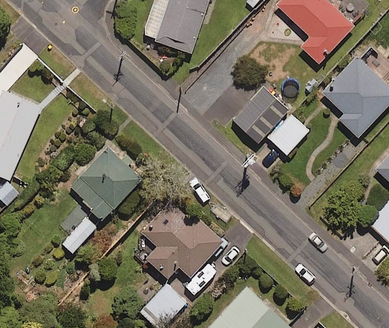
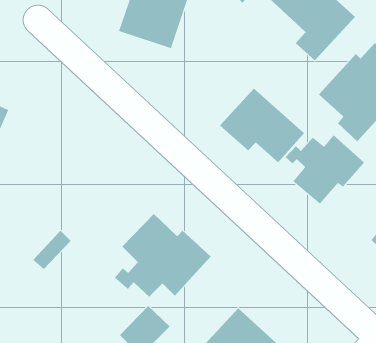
building: none -> [285,135,365,205]
building: [69,144,143,218] -> none

